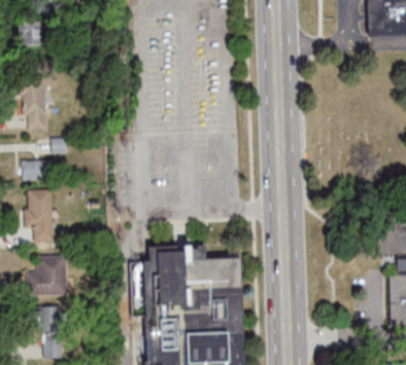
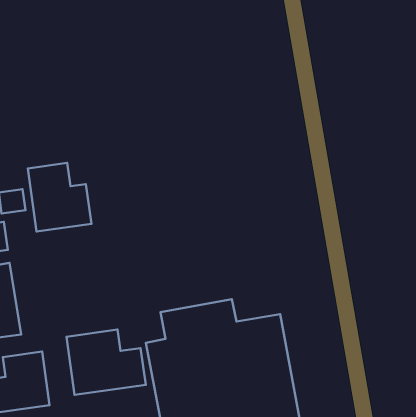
building: none -> [28,163,91,232]
building: none -> [66,330,146,395]

